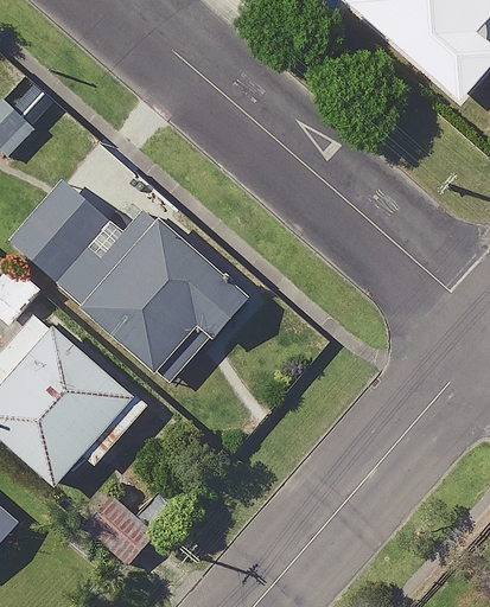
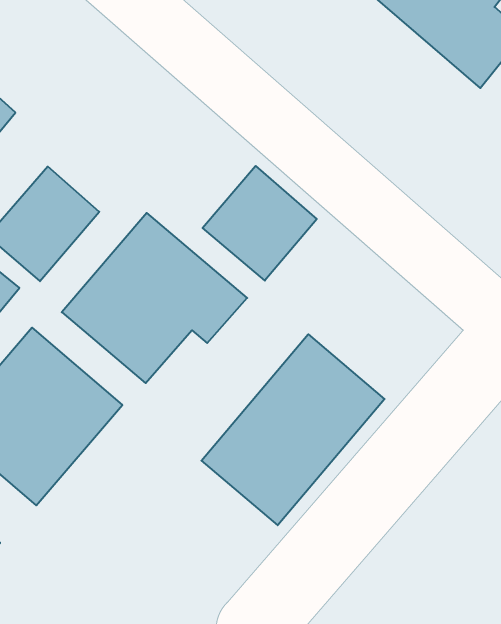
building: none -> [203,166,317,281]
building: none -> [201,334,385,525]

